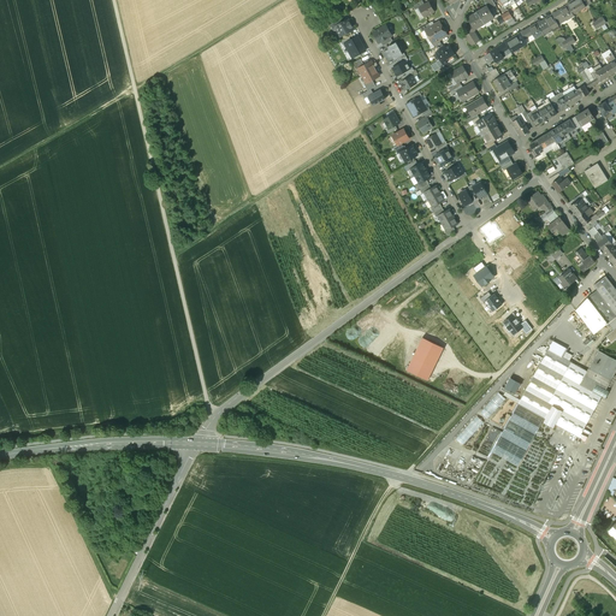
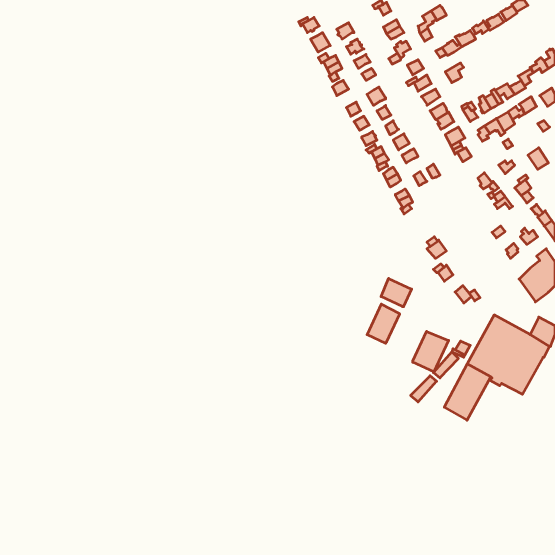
building: none -> [381,278,412,307]
building: none -> [413,331,449,372]

